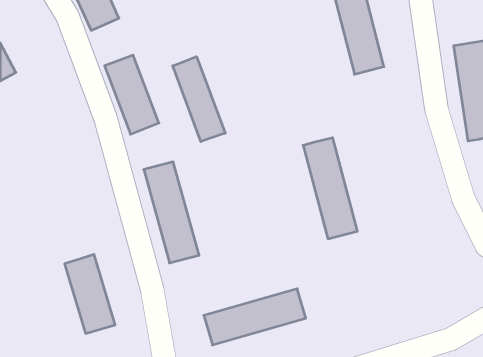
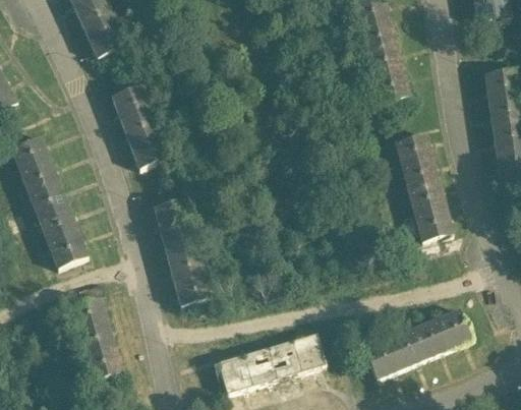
building: [173,57,225,142] -> none
building: none -> [11,136,89,269]
building: [303,138,357,239] -> [395,134,453,242]
building: none -> [363,309,472,378]

